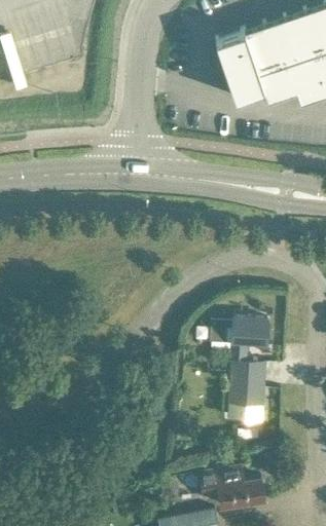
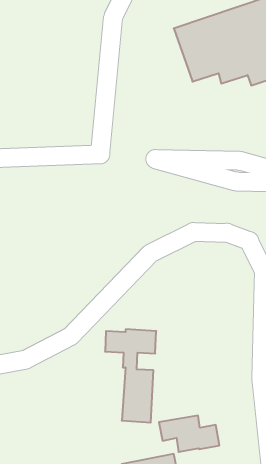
building: [211,318,267,421] -> [105,329,156,423]

